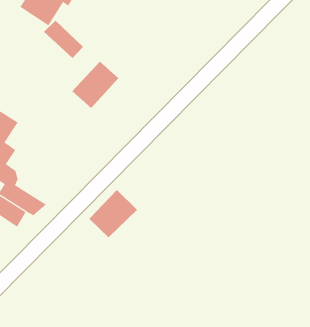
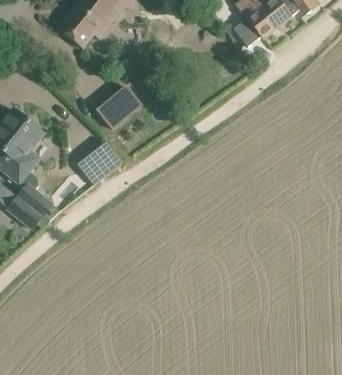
building: [43,20,84,59] -> none
building: [89,189,138,238] -> [77,140,123,184]

